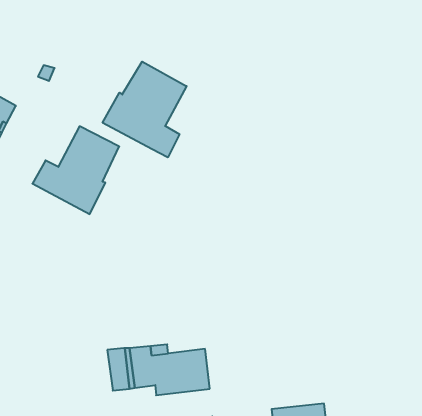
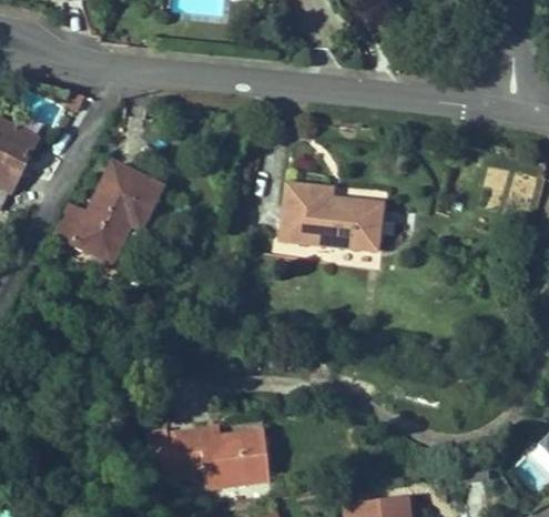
building: [103,62,187,157] -> none
building: none -> [278,184,380,249]

